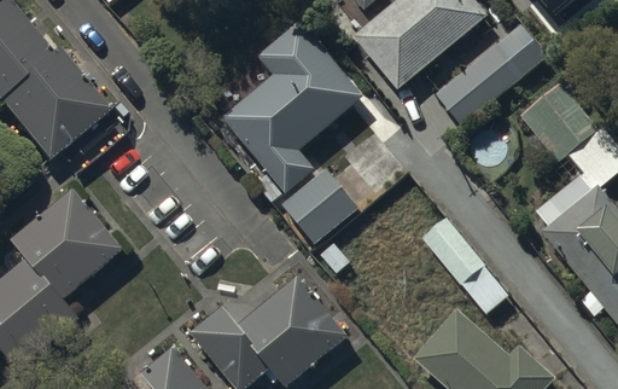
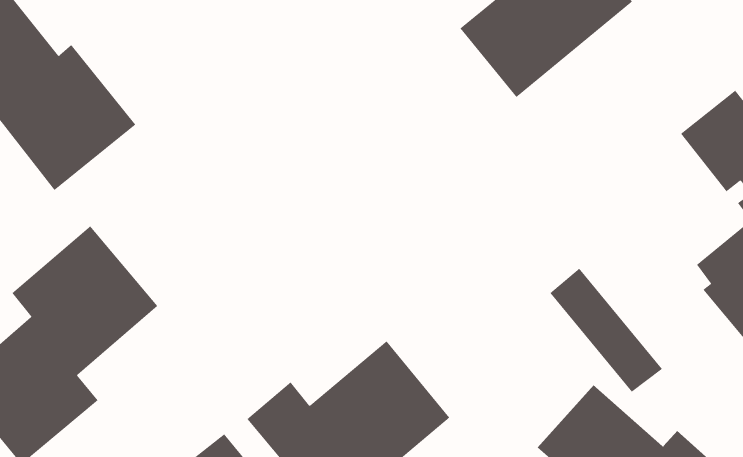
building: [222,19,365,202] -> none
building: [437,24,547,124] -> none
building: [284,168,358,243] -> none

